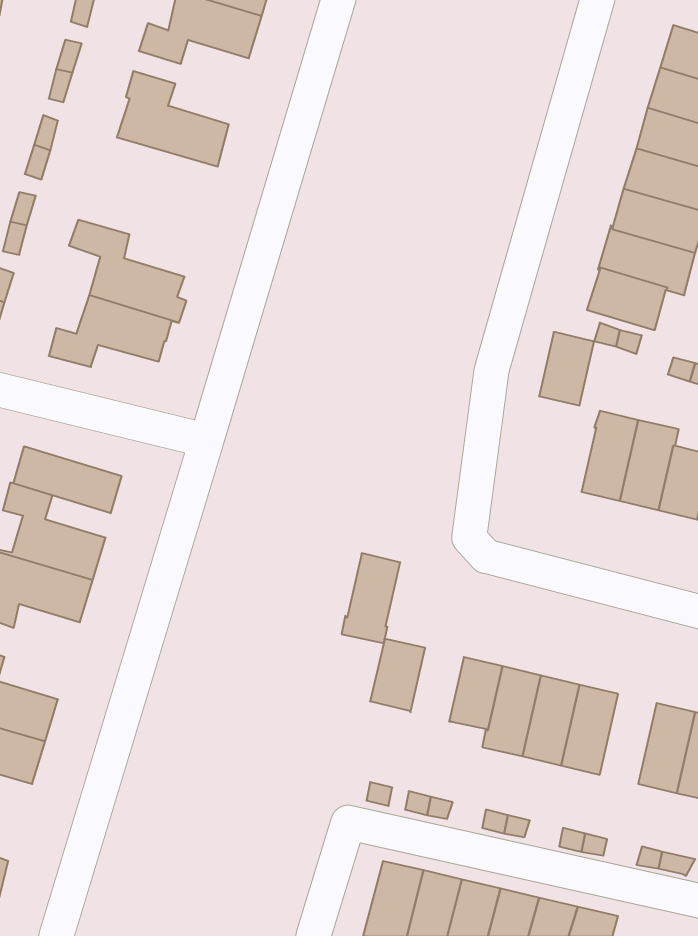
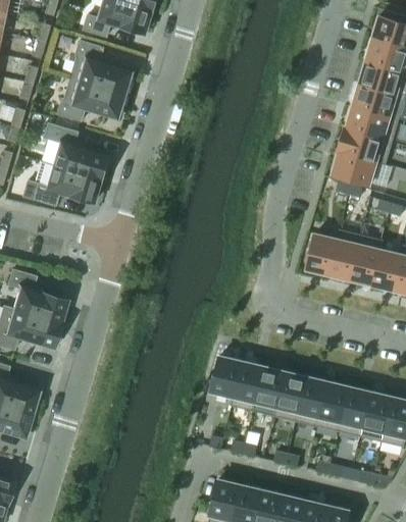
building: none -> [58,77,126,121]
building: [539,332,594,405] -> [306,233,337,274]
building: [13,446,121,513] -> none
building: [342,553,400,643] -> [231,361,263,411]
building: none -> [339,386,370,436]

